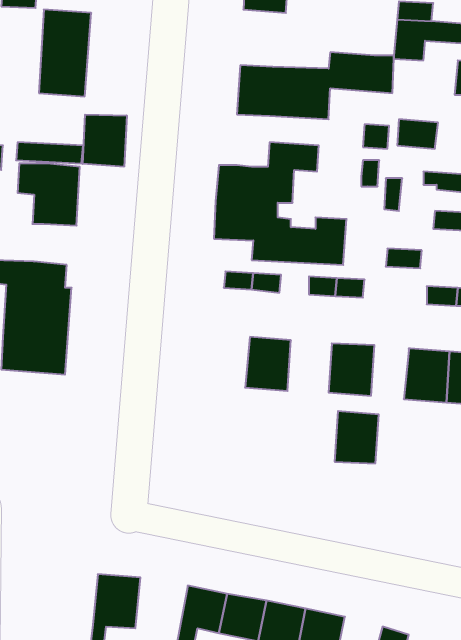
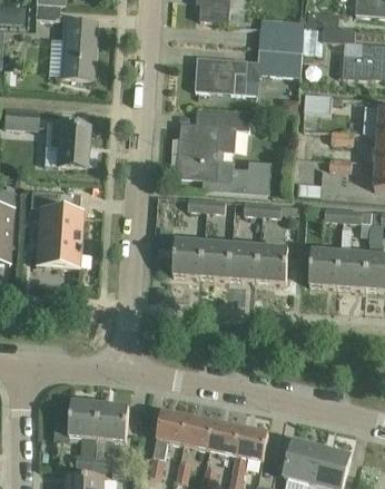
building: none -> [258,27,289,50]
building: [83,115,127,167] -> none
building: none -> [172,239,204,276]
building: [335,411,379,463] -> [229,244,259,280]
building: none -> [68,401,100,438]

